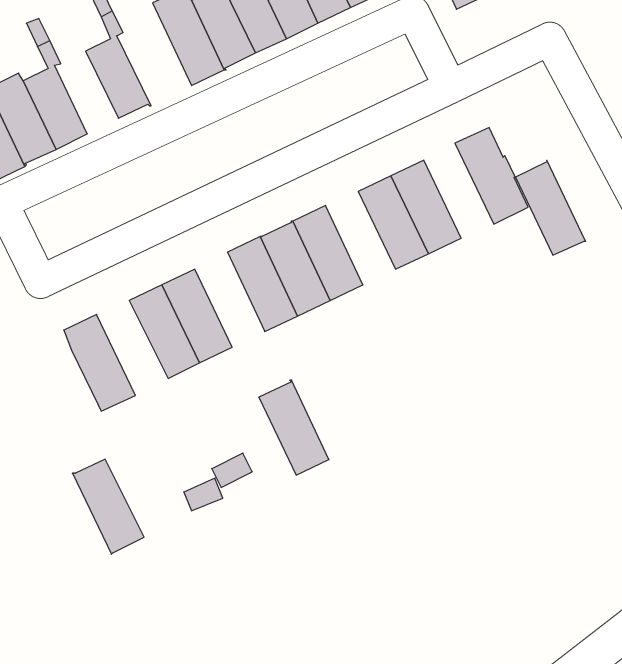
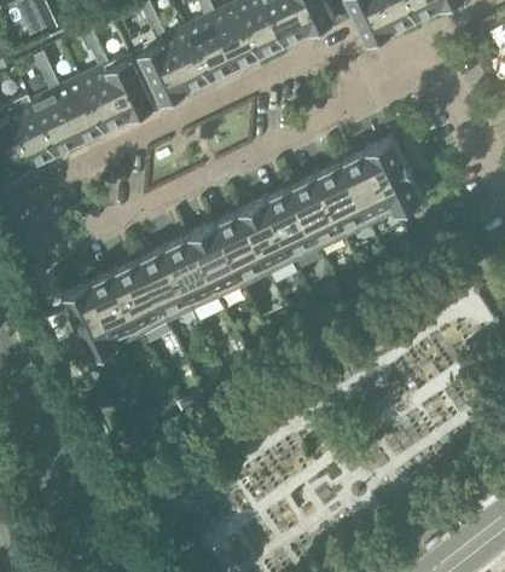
building: none -> [105,54,157,121]
building: none -> [57,79,106,143]
building: [516,160,586,255] -> [343,150,397,224]
building: none -> [267,187,321,260]
building: [259,380,329,475] -> [166,235,220,308]
building: [72,459,144,554] -> [89,272,145,346]

